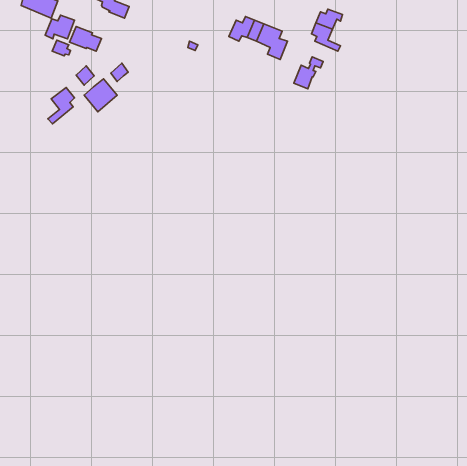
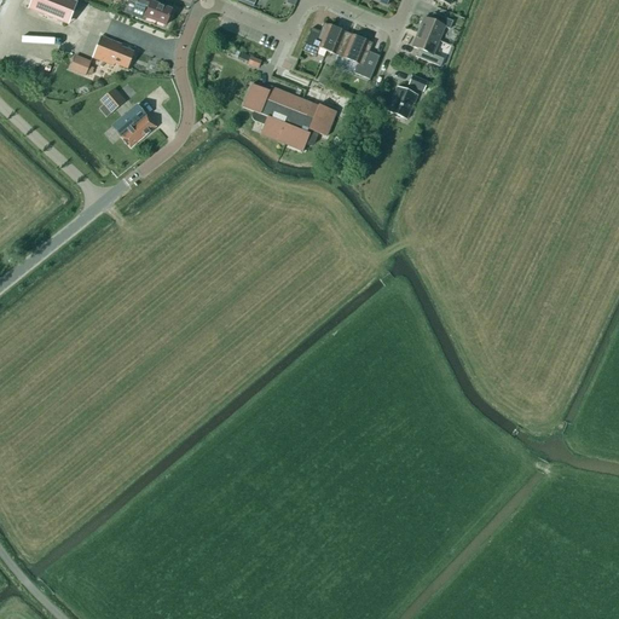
building: [45,15,75,39] -> none
building: none -> [243,82,337,150]
building: [48,88,75,124] -> none

